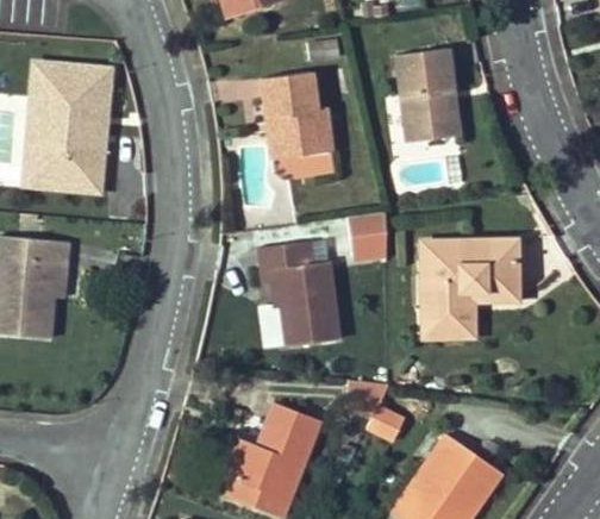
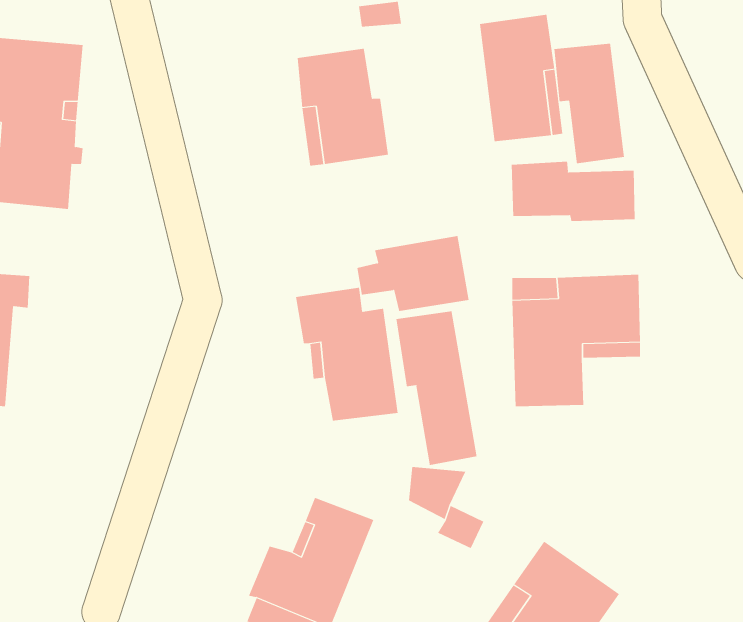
building: none -> [554,43,625,164]
building: none -> [511,161,635,222]
building: none -> [396,310,477,466]

